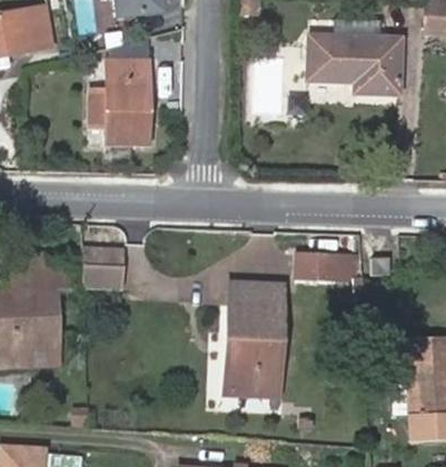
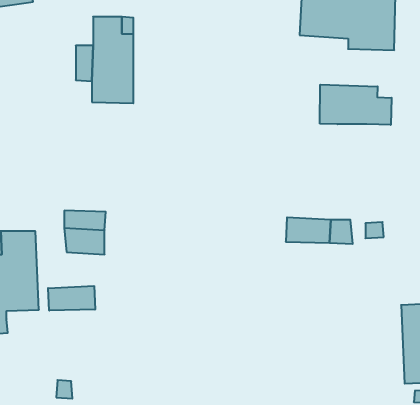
building: none -> [320,85,392,125]
building: [232,288,281,393] -> none
building: none -> [48,286,95,311]

